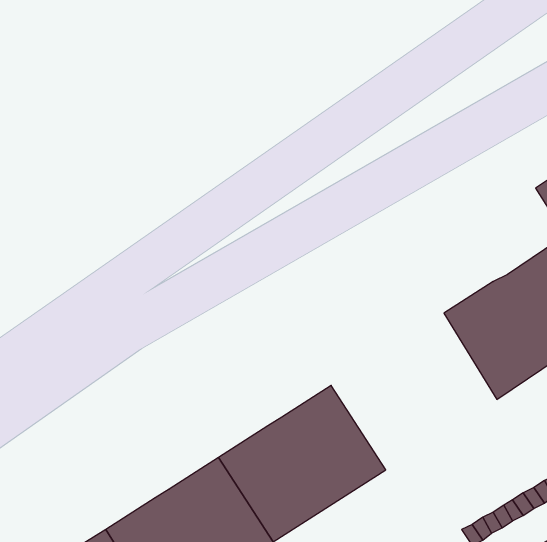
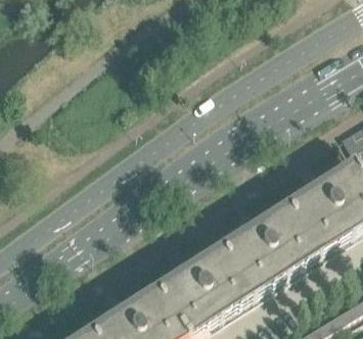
building: none -> [217,204,313,295]

